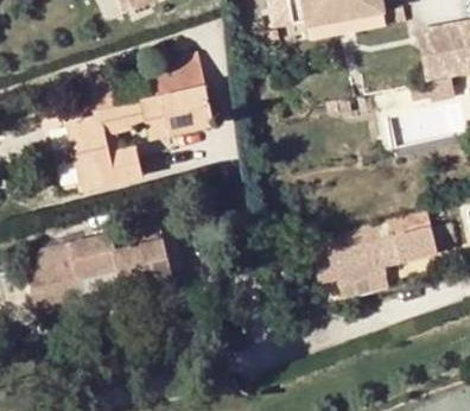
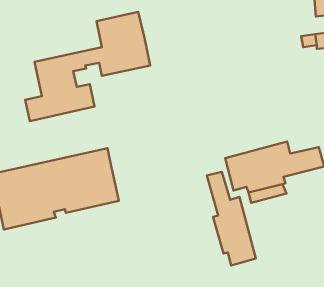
building: none -> [207,172,256,265]

